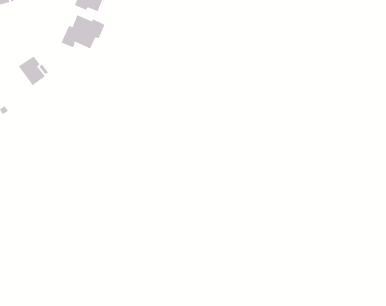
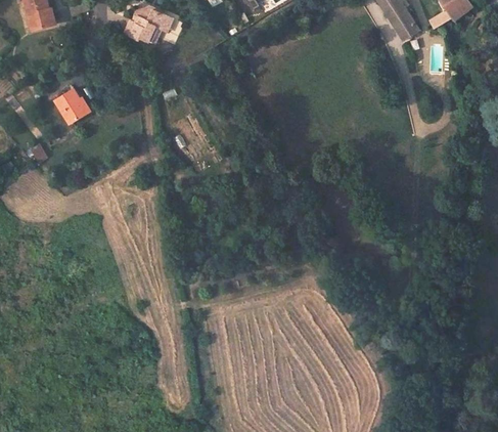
building: [61,14,106,49] -> none

